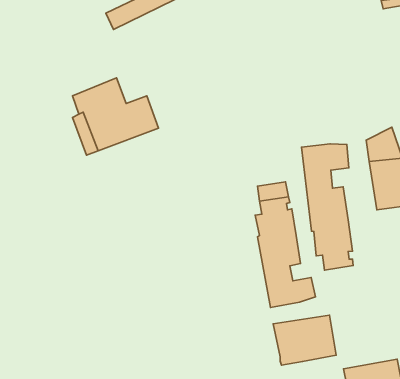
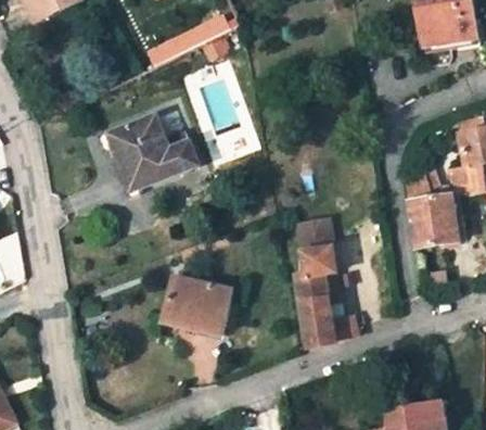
building: [301,144,353,270] -> none
building: none -> [165,279,230,337]
building: [273,315,336,365] -> none

